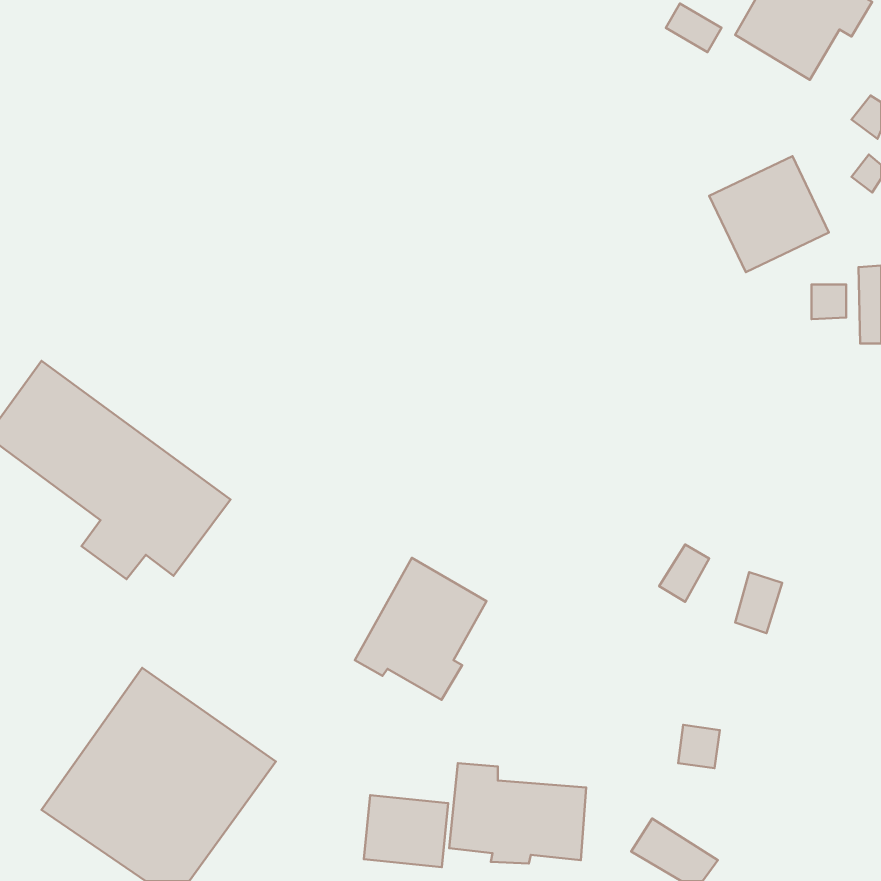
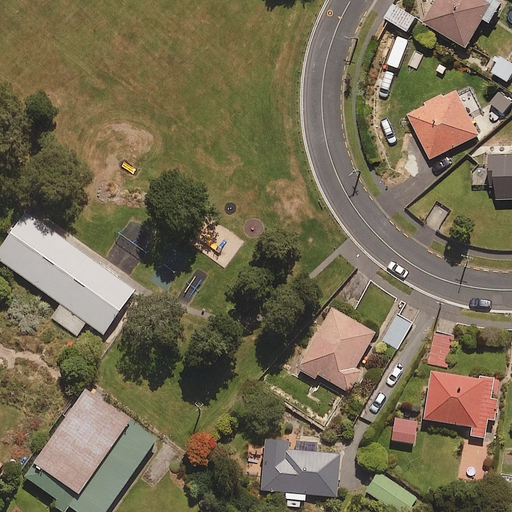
building: [355,558,486,700] -> [297,310,373,392]
building: none -> [424,374,496,437]
building: [364,795,448,867] -> none

